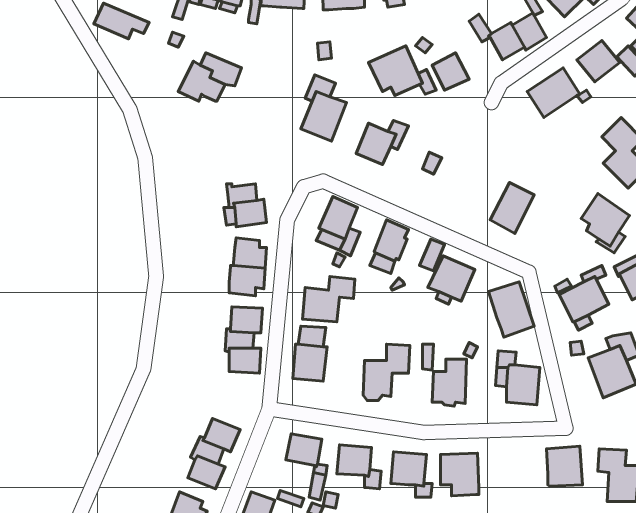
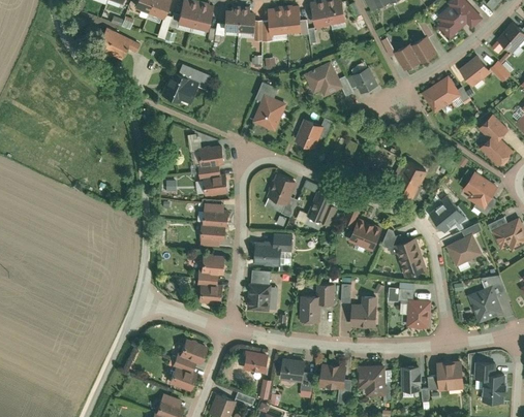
building: none -> [199,145,224,165]
building: none -> [429,195,466,231]
building: none -> [401,365,421,391]

